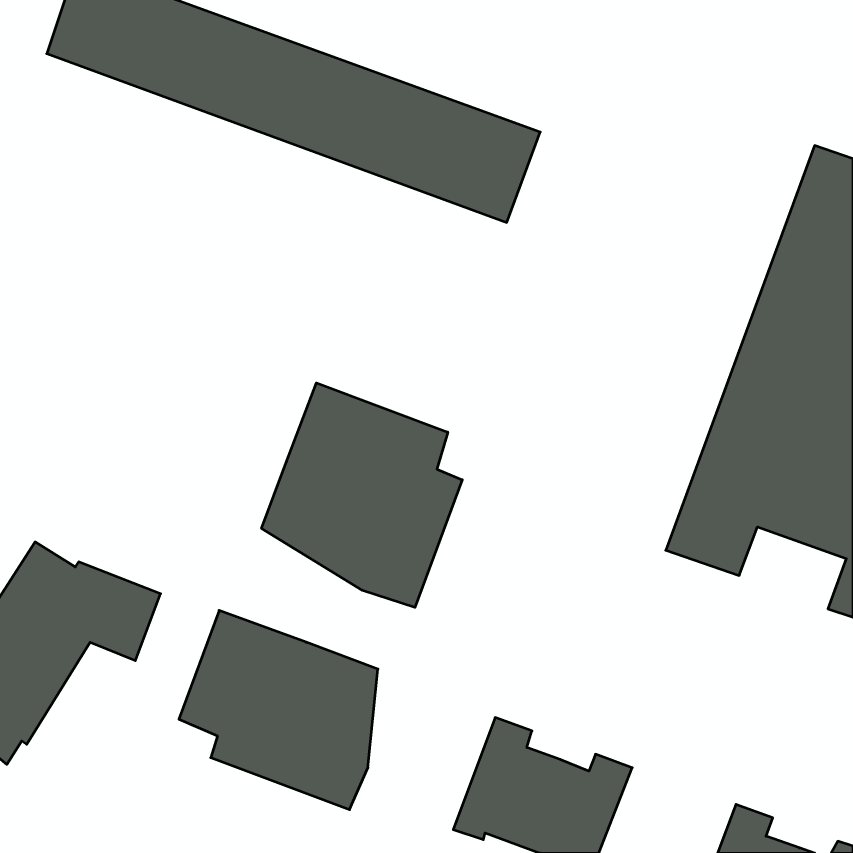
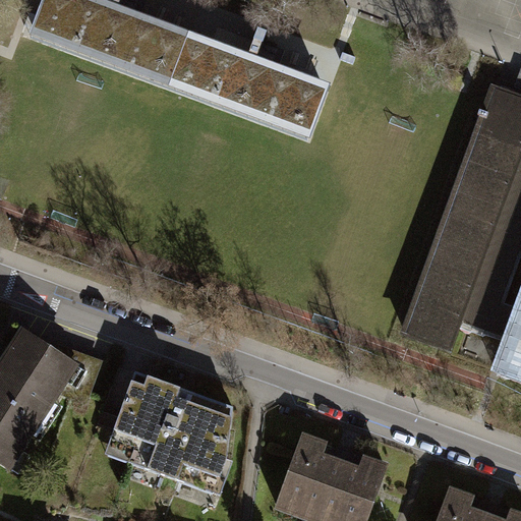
building: [262,383,462,607] -> none

